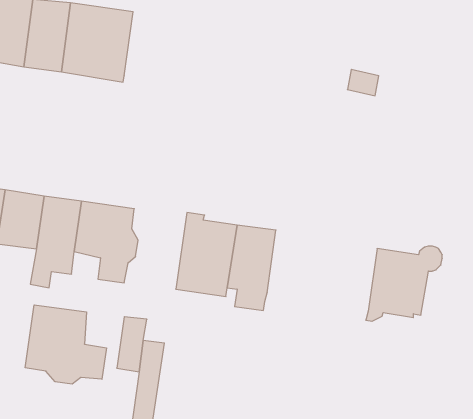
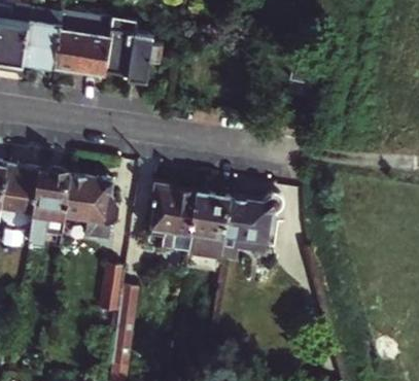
building: none -> [106,19,153,80]
building: [366,246,442,321] -> [221,196,284,257]
building: [25,305,106,384] -> none

